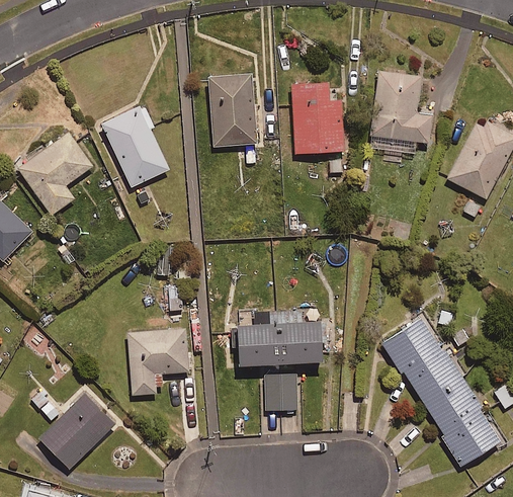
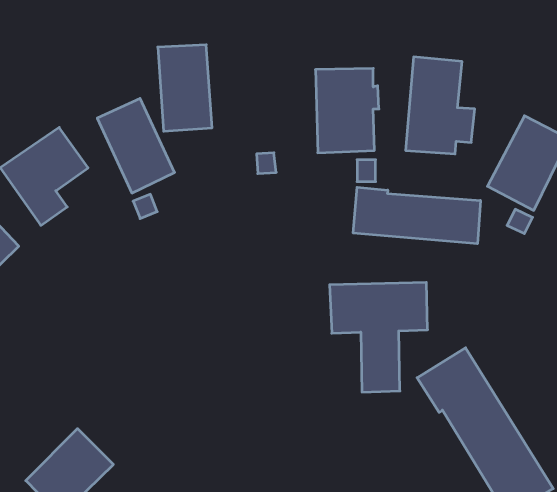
building: [209,71,257,147] -> [158,45,212,131]
building: none -> [353,187,480,244]
building: [237,317,323,413] -> [330,282,428,392]
building: [127,330,189,397] -> none

